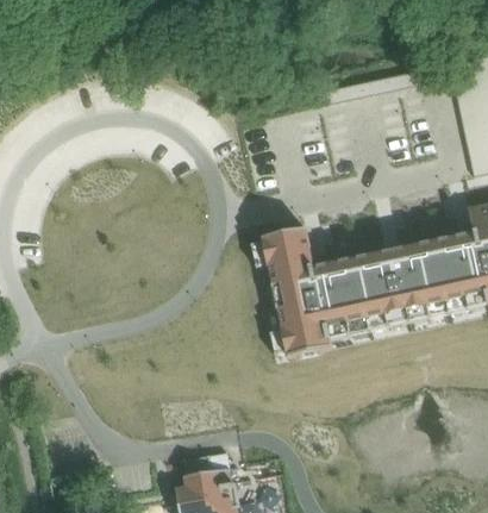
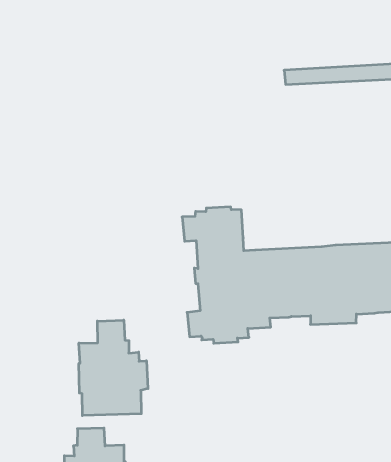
building: none -> [79,320,148,416]

